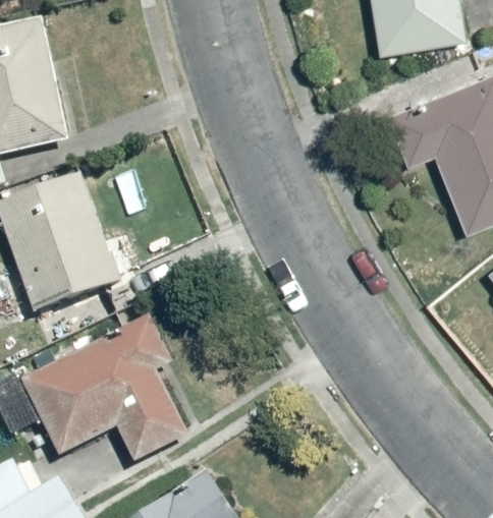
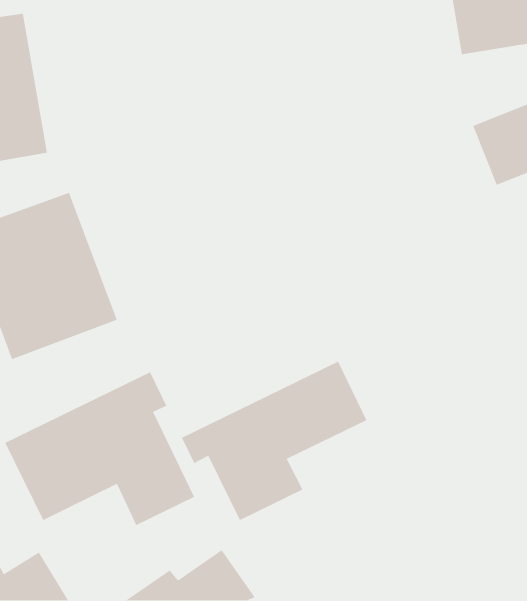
building: none -> [181,360,367,521]

